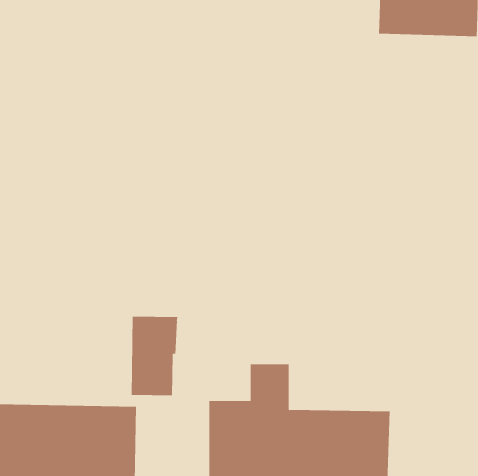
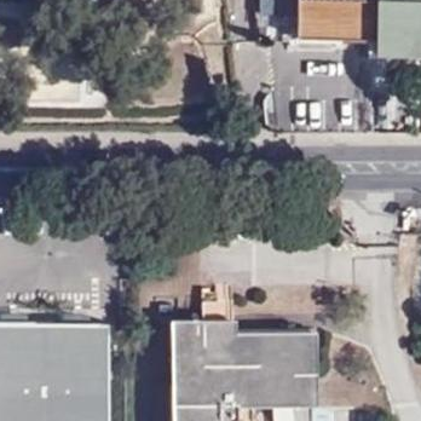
building: [131,316,178,396] -> none

